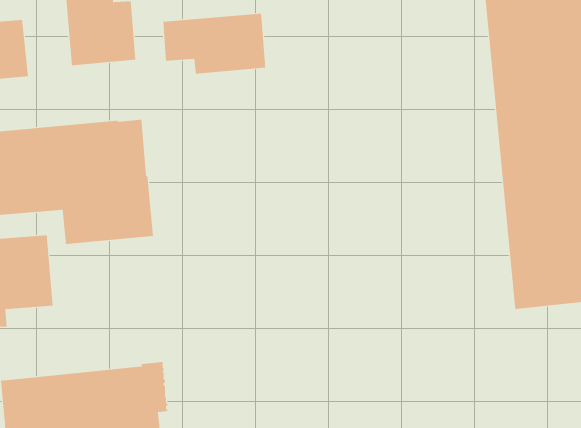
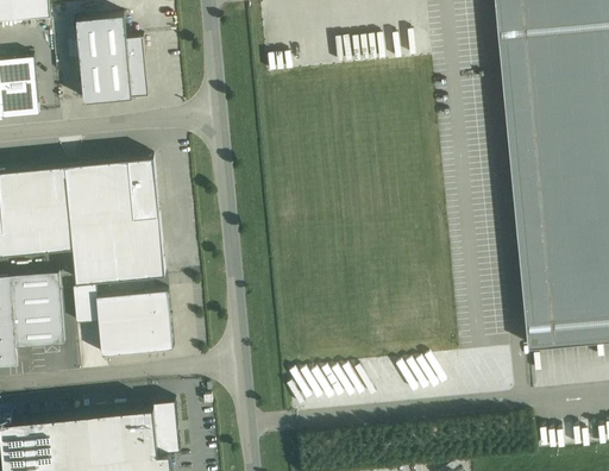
building: [163,13,266,74] -> none
building: none -> [71,285,172,357]

